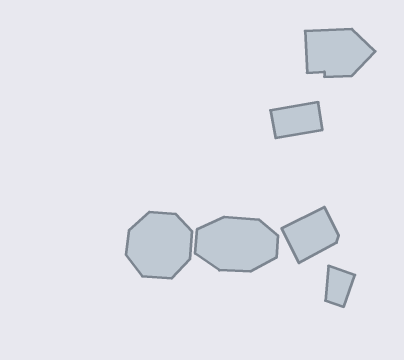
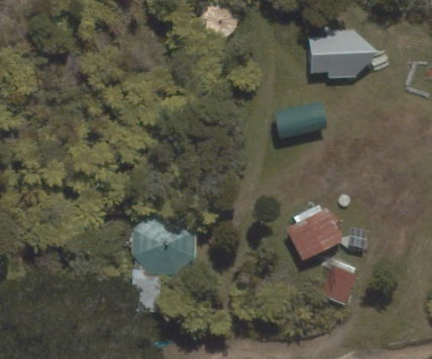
building: [195,217,278,271] -> none

